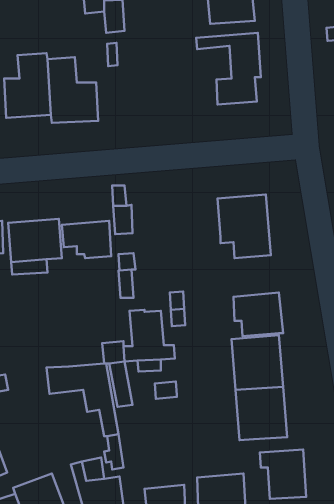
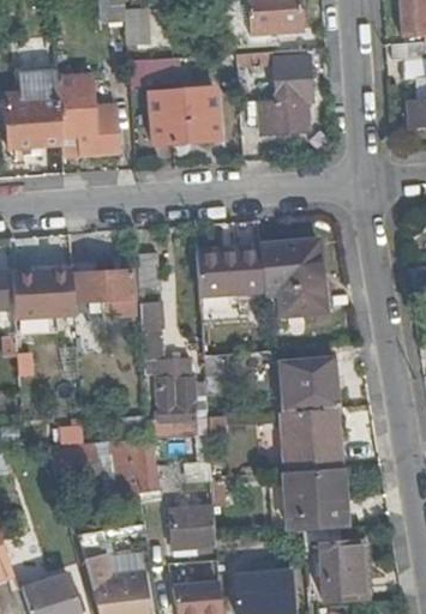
building: none -> [150,86,217,142]
building: none -> [197,242,264,294]
building: none -> [172,502,217,546]

